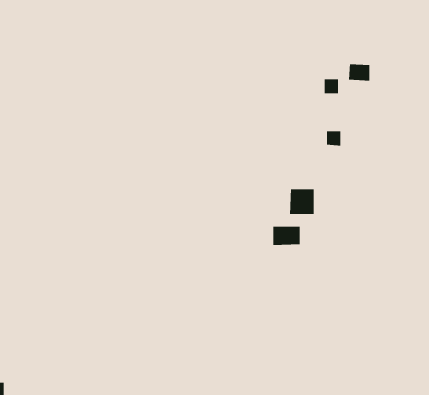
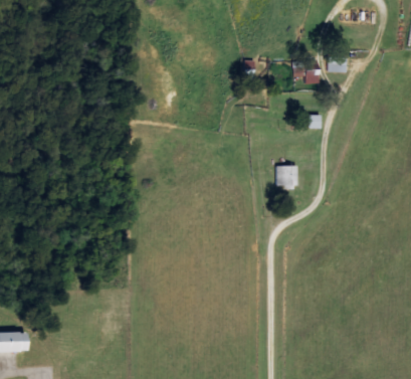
building: [273,226,300,246] -> none

